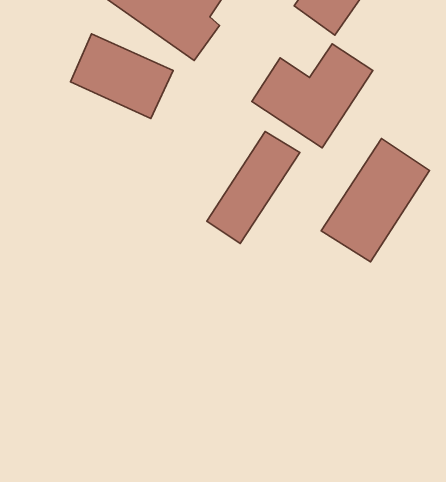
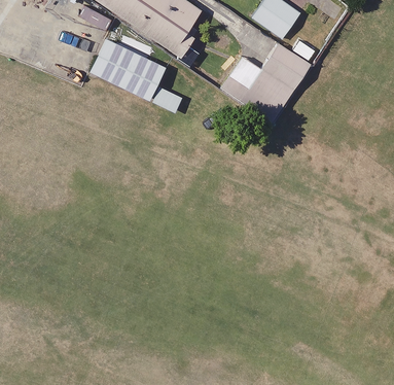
building: [207,131,300,244] -> none
building: [321,139,430,262] -> none

